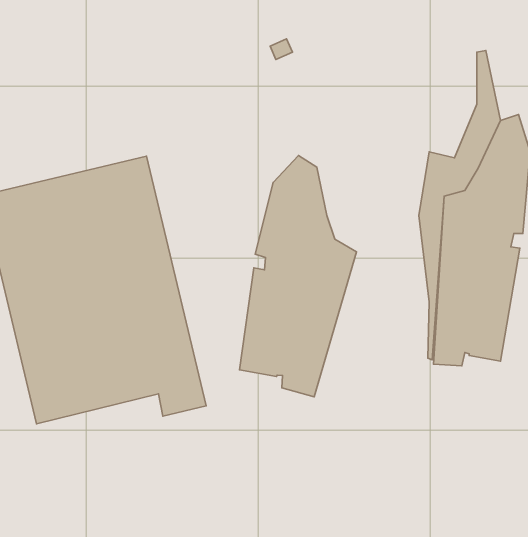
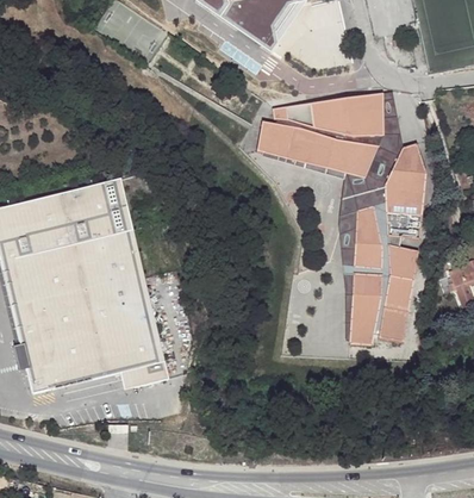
building: none -> [255,94,382,179]
building: [239,156,356,397] -> none

